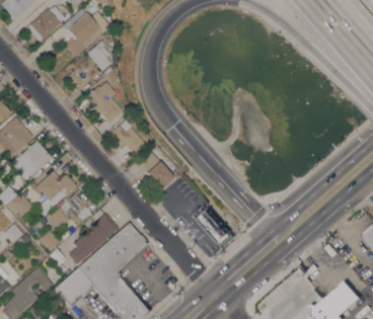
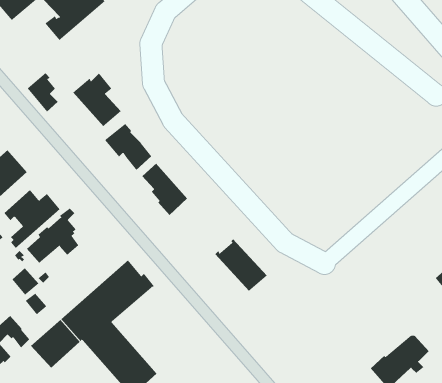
building: [87,41,111,71] -> [27,73,59,112]
building: [68,213,118,264] -> none

